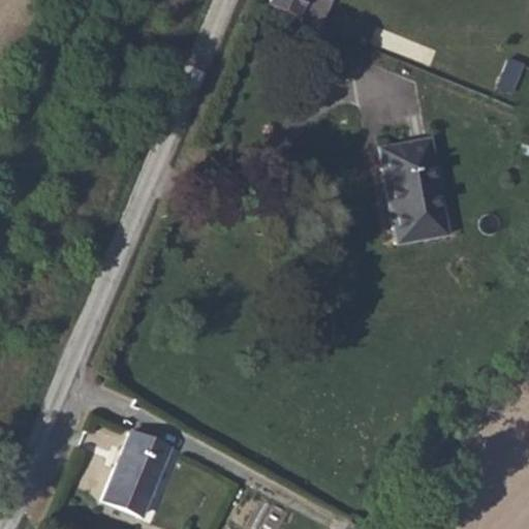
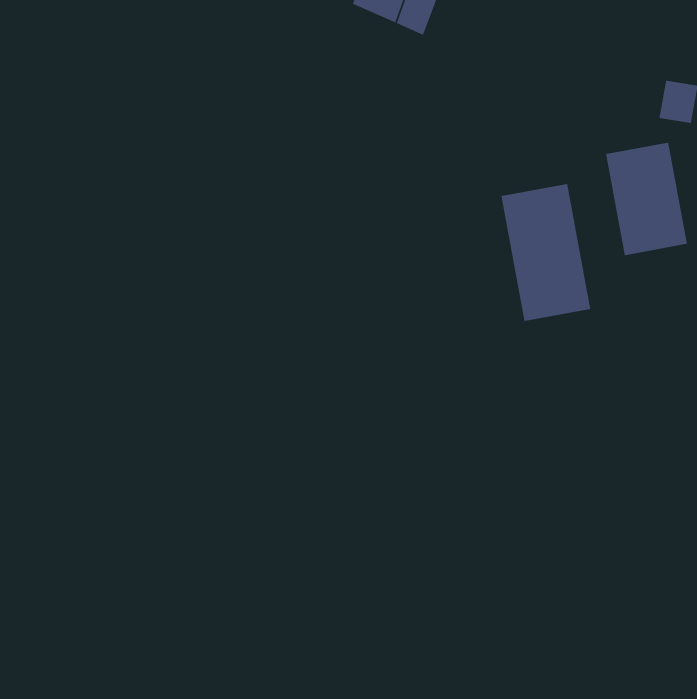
building: none -> [605,142,688,256]
building: [103,430,170,515] -> none

